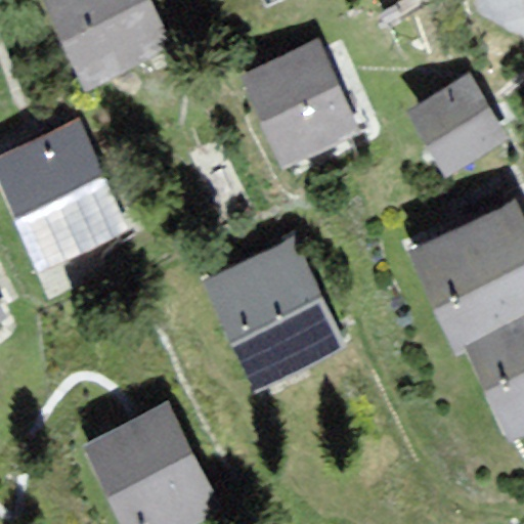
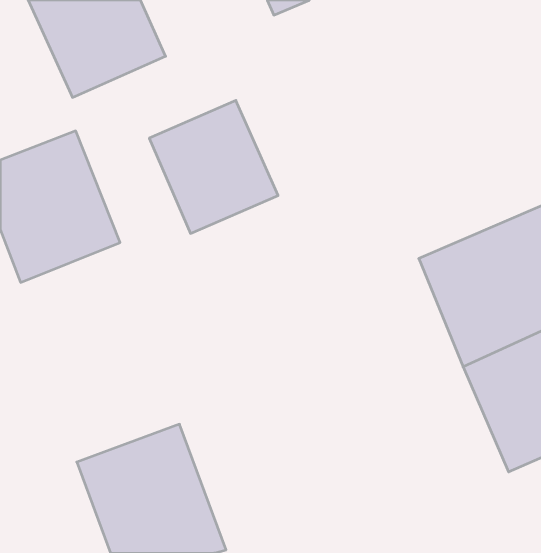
building: [236,42,358,168] -> [149,100,278,233]
building: [418,64,519,166] -> none
building: [205,241,345,397] -> none

